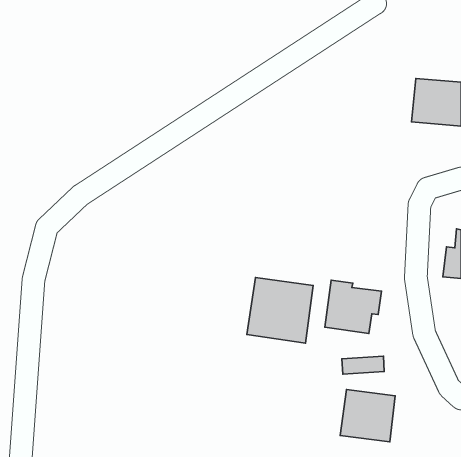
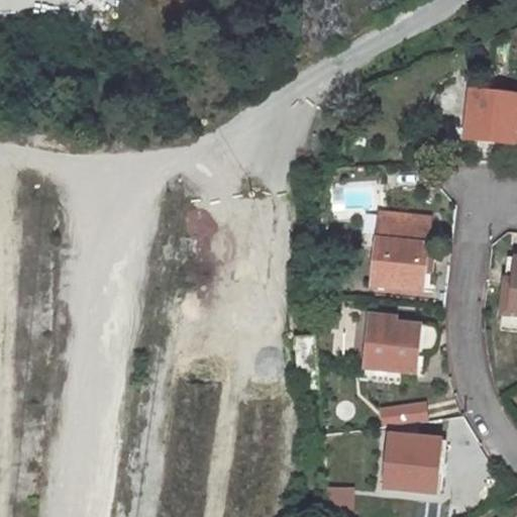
building: none -> [373,214,429,290]
building: [247,277,313,343] -> none

